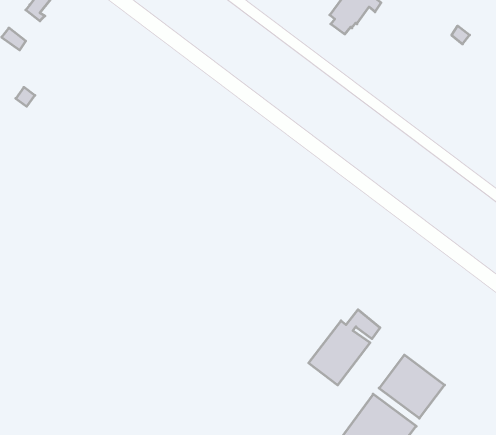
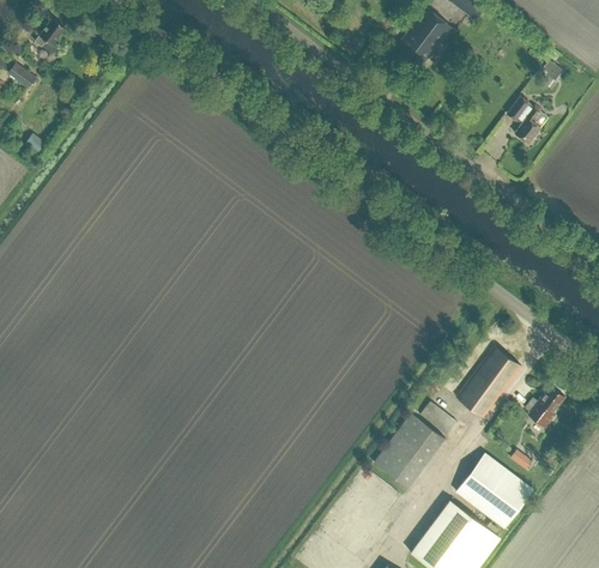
building: none -> [507,98,540,145]
building: none -> [455,346,521,418]
building: none -> [525,388,563,429]

